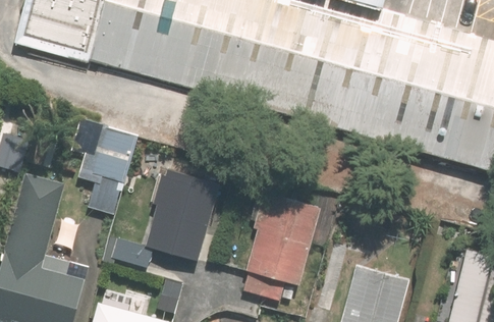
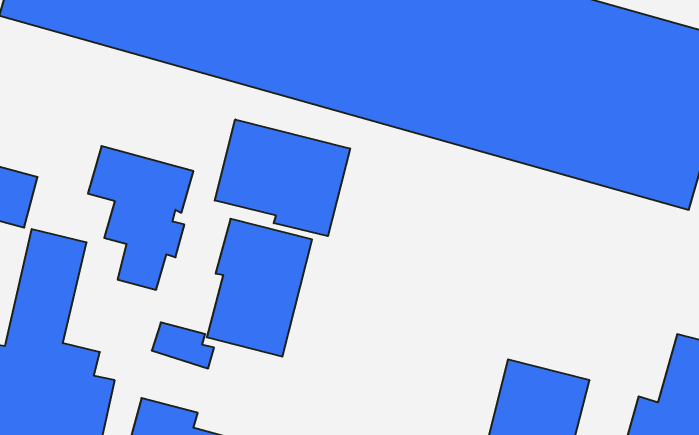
building: none -> [215,119,350,236]
building: [242,196,319,299] -> none

